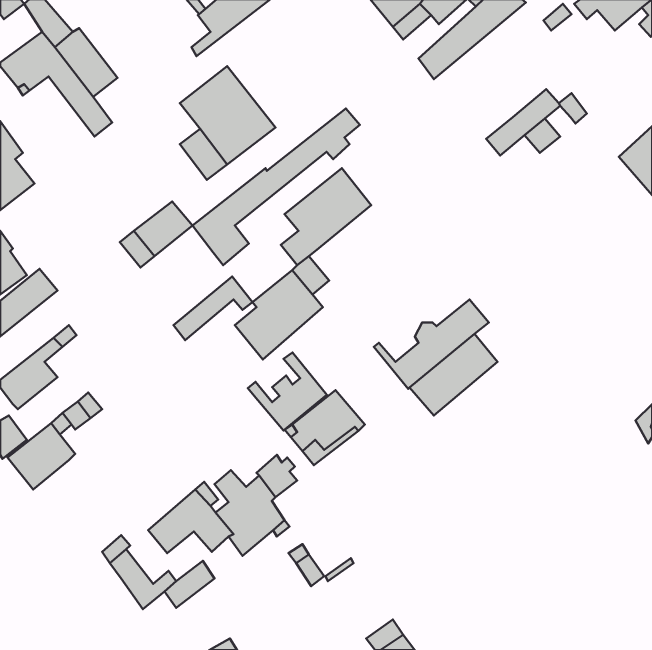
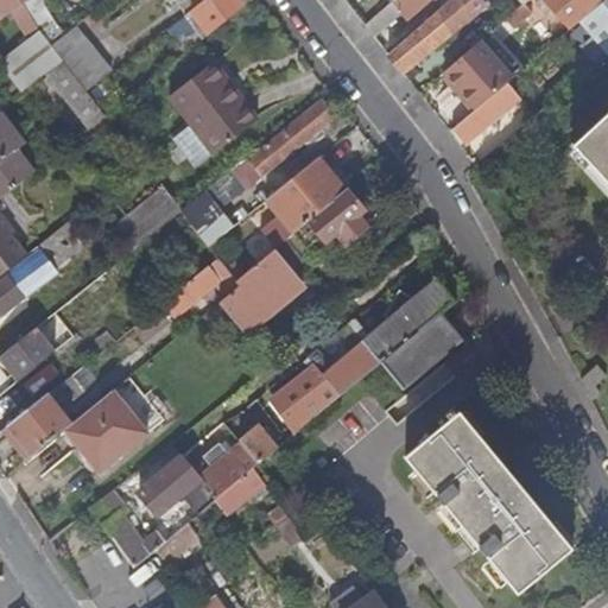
building: none -> [445,40,513,109]
building: none -> [293,191,366,248]
building: [248,353,327,430] -> [306,323,380,395]
building: none -> [64,390,146,471]
building: none -> [404,408,574,593]

